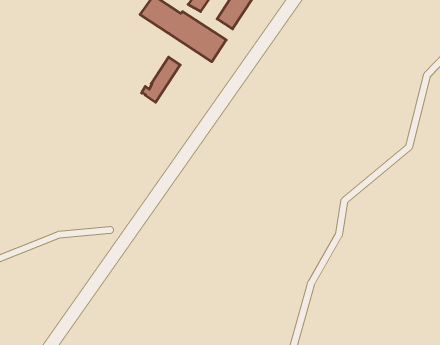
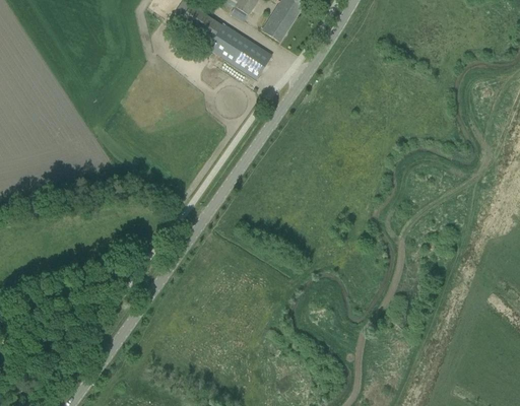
building: [142,57,180,102] -> none

